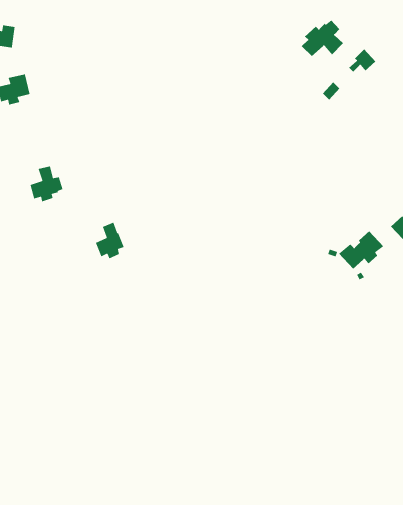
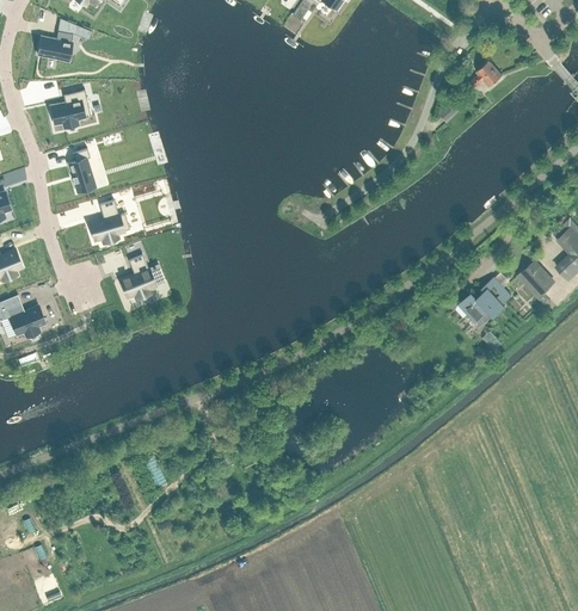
building: [301,19,344,57] -> none
building: none -> [68,149,96,193]
building: [95,221,125,259] -> [121,255,156,301]

